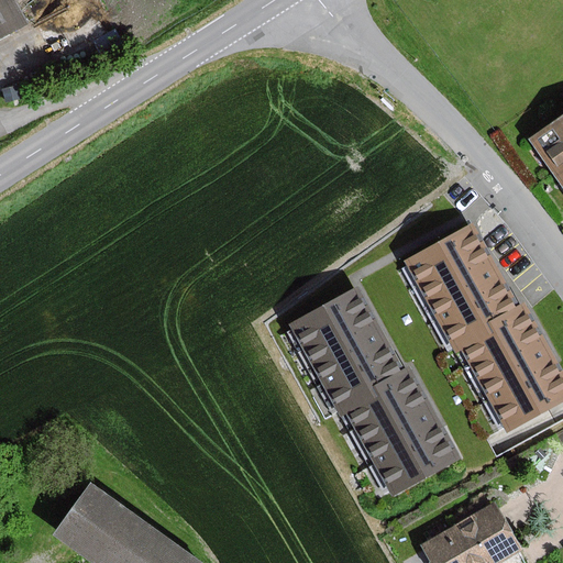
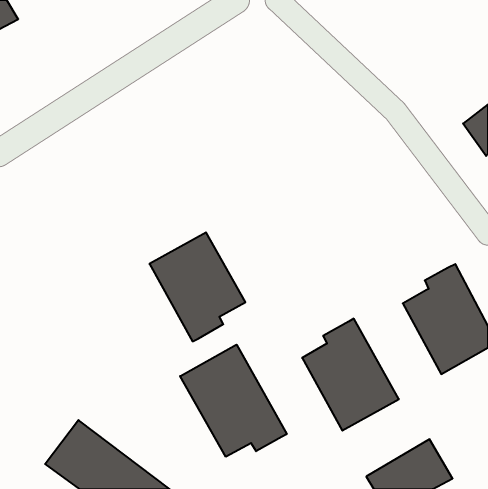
building: [405,225,514,352] -> none
building: [290,289,400,415] -> [149,232,245,341]
building: none -> [180,345,287,457]

